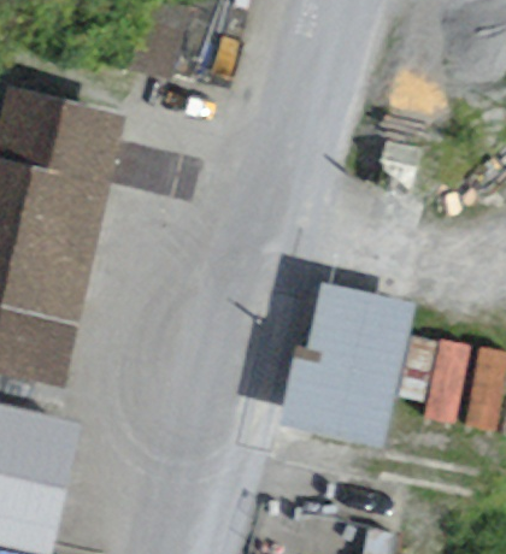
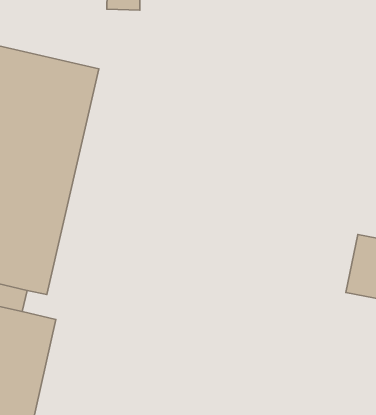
building: [275,284,416,450] -> none

